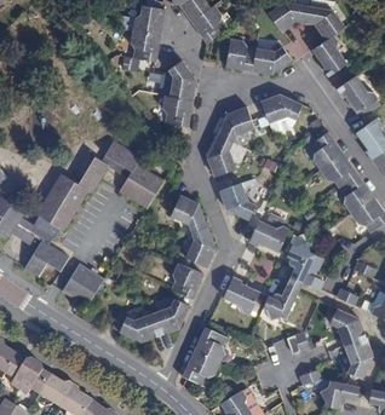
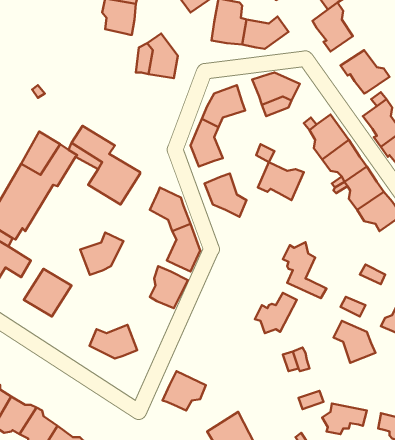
building: [162,94,191,126] -> none
building: [248,219,288,252] -> [258,162,304,200]
building: [222,276,259,315] -> none
building: [151,298,189,334] -> [80,233,123,275]
building: [194,329,224,364] -> none
building: [344,336,372,379] -> none

